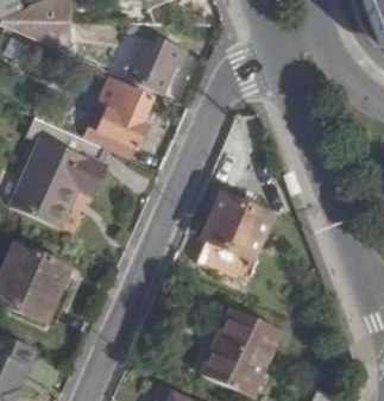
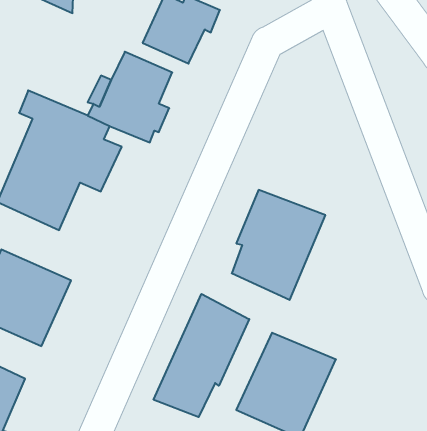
building: none -> [154,294,249,417]

